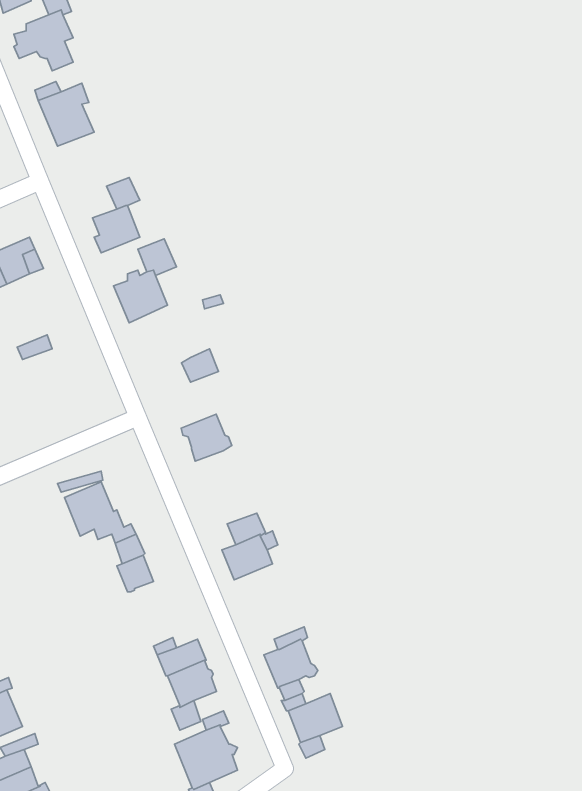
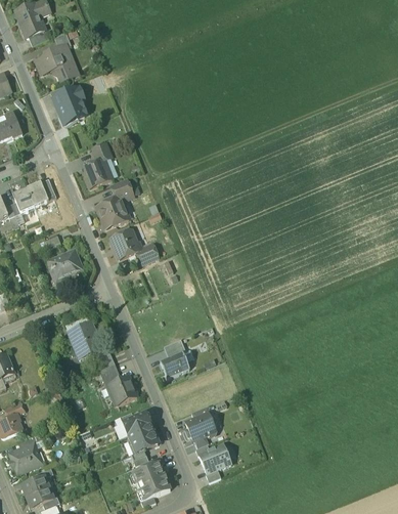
building: none -> [49,248,83,281]
building: [181,414,232,461] -> [113,229,142,257]
building: none -> [107,376,137,403]

